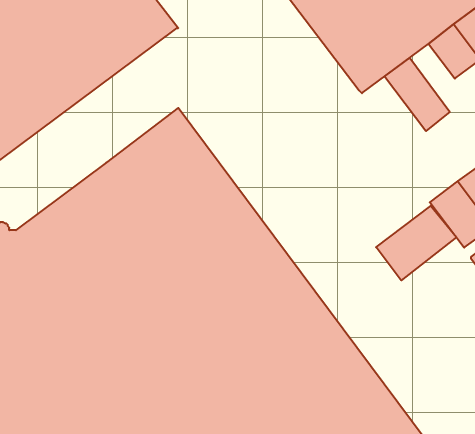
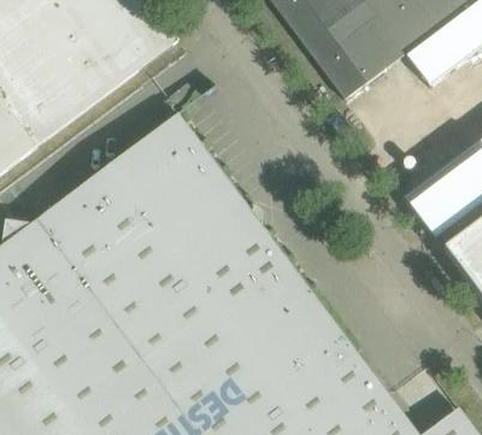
building: [385,58,450,131] -> none
building: [376,206,456,280] -> none

